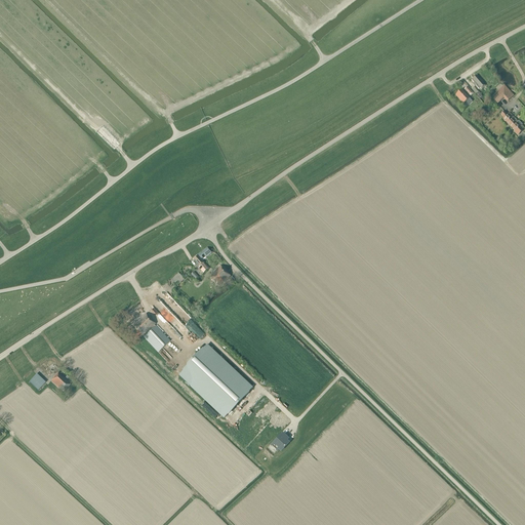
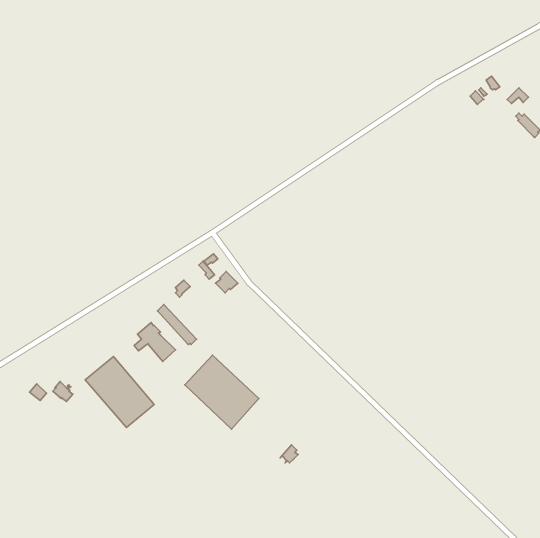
building: none -> [85,357,154,428]

